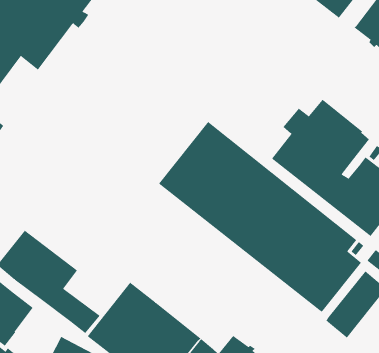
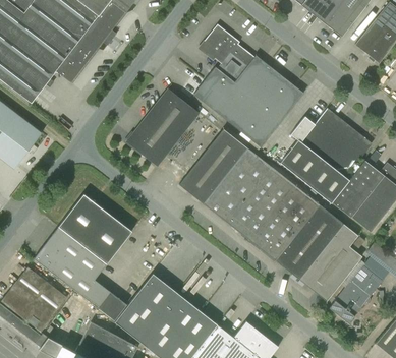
building: none -> [193,25,303,152]
building: none -> [125,88,199,166]
building: none -> [58,194,131,263]

